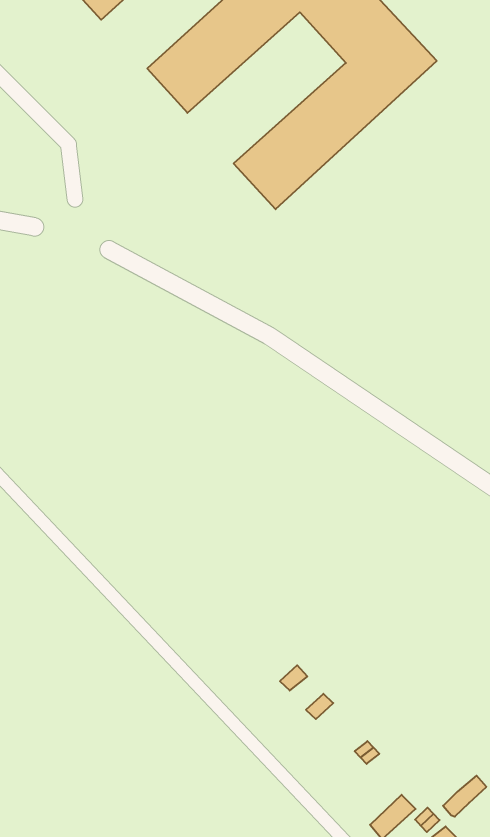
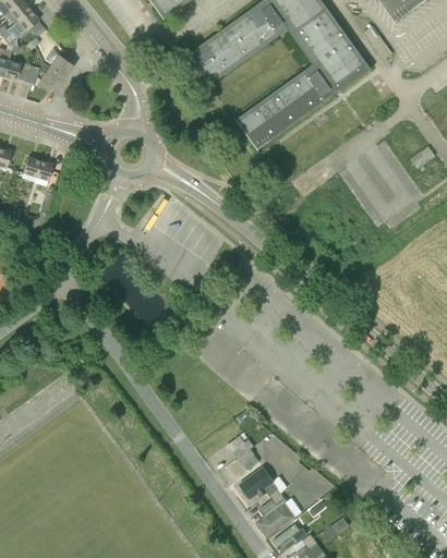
building: none -> [240,466,276,501]
building: none -> [256,496,303,538]

